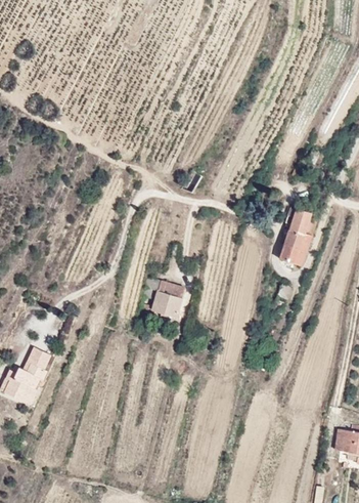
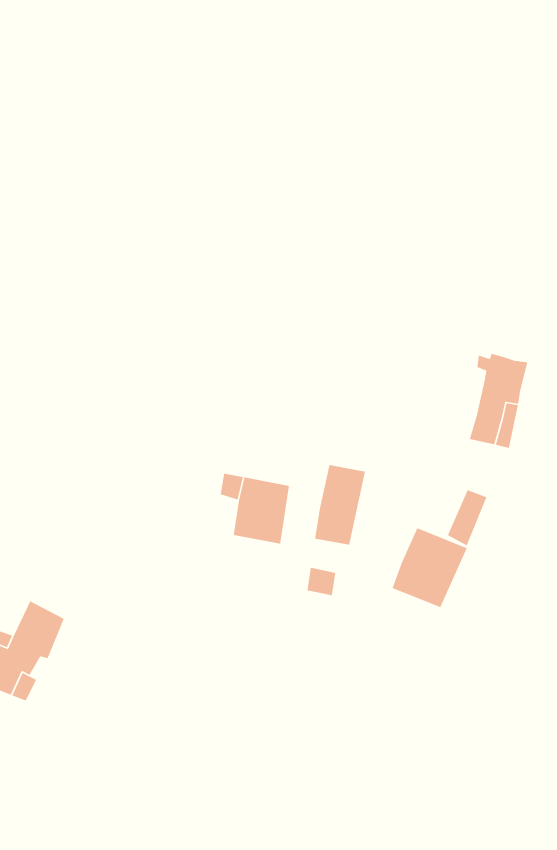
building: none -> [314,464,366,546]
building: none -> [392,527,468,608]

